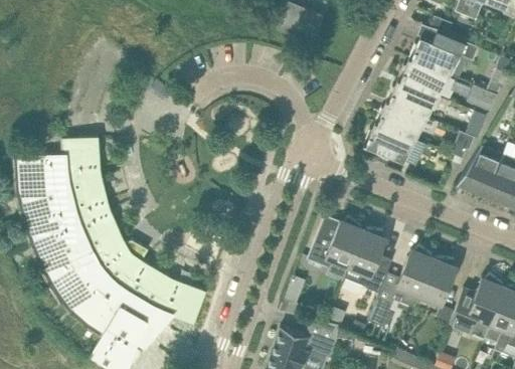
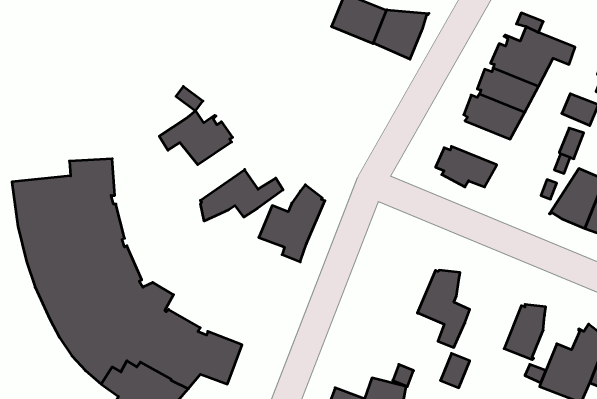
building: none -> [373,10,429,59]
building: none -> [159,111,233,165]
building: [375,109,425,145] -> none
building: none -> [200,169,283,221]
building: [310,218,364,282] -> [259,185,325,262]
building: [391,247,435,304] -> none

